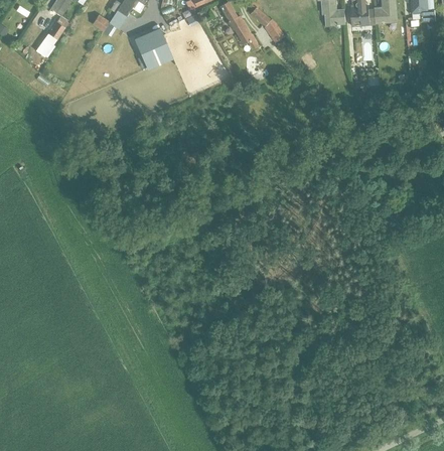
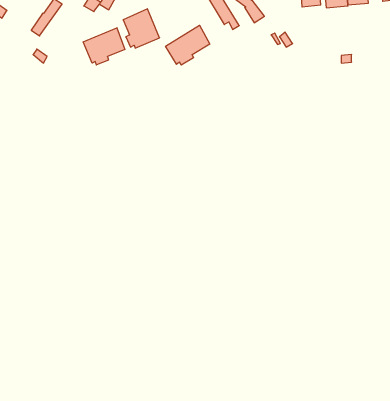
building: none -> [166,25,210,65]
building: none -> [83,28,125,65]

